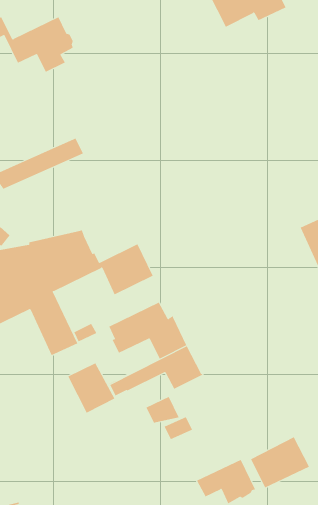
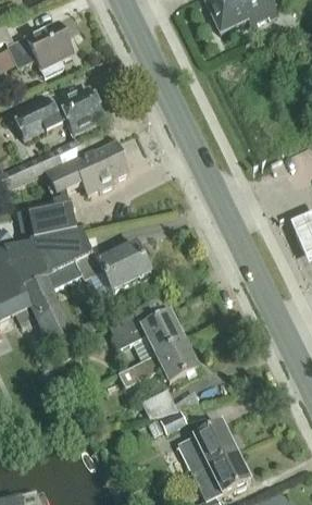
building: none -> [11,88,103,139]
building: none -> [27,143,129,237]
building: [68,363,115,413] -> none
building: [250,437,310,488] -> [177,421,235,471]

